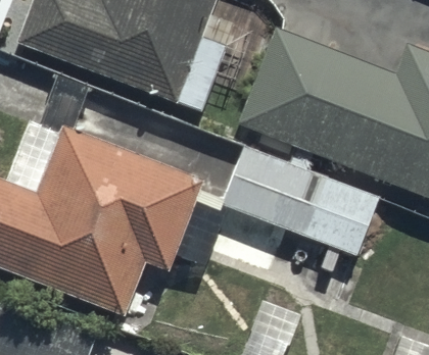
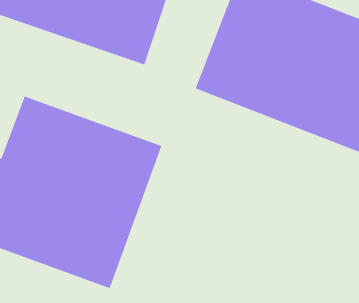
building: [221,143,378,251] -> none

